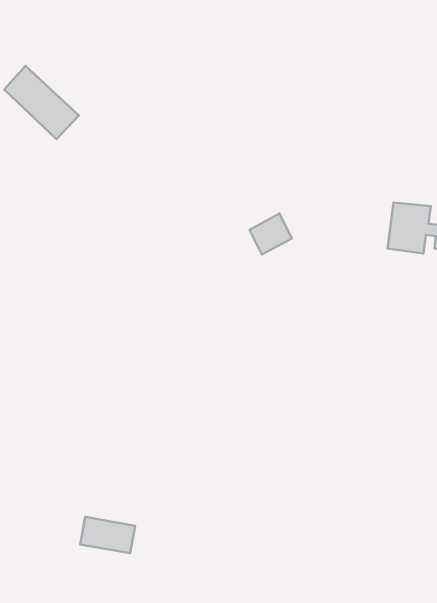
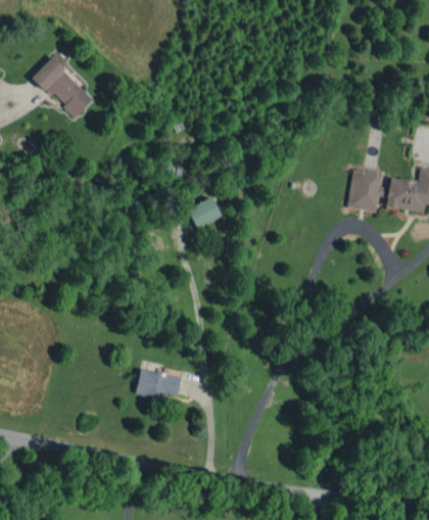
building: [250,214,292,255] -> [187,196,222,230]
building: [80,517,135,553] -> [136,370,181,399]

